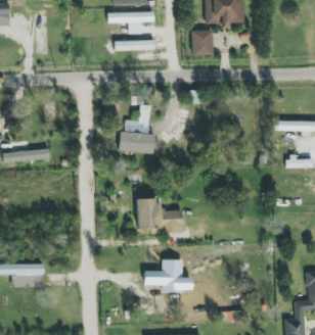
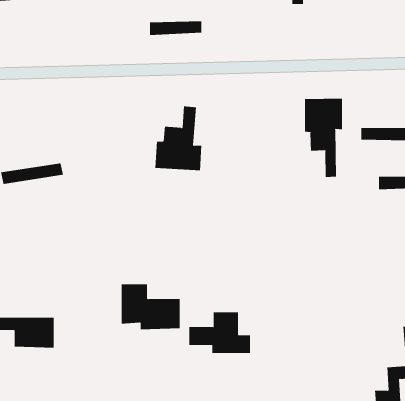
building: [191,30,213,55] -> none
building: none -> [304,98,342,178]
building: [137,198,182,233] -> [121,284,180,330]

